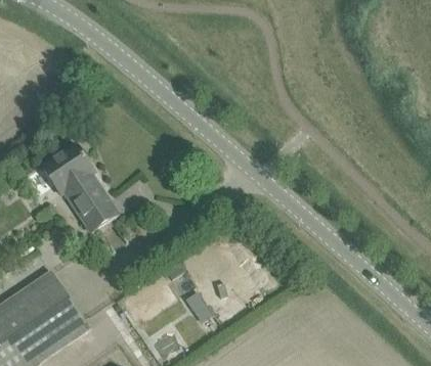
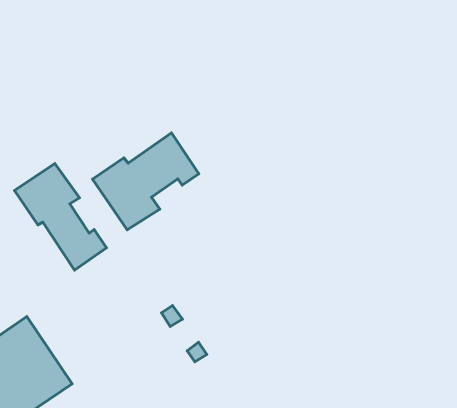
building: none -> [92,133,199,230]

